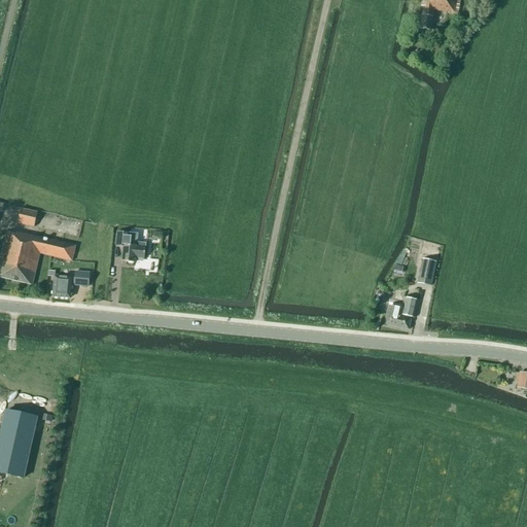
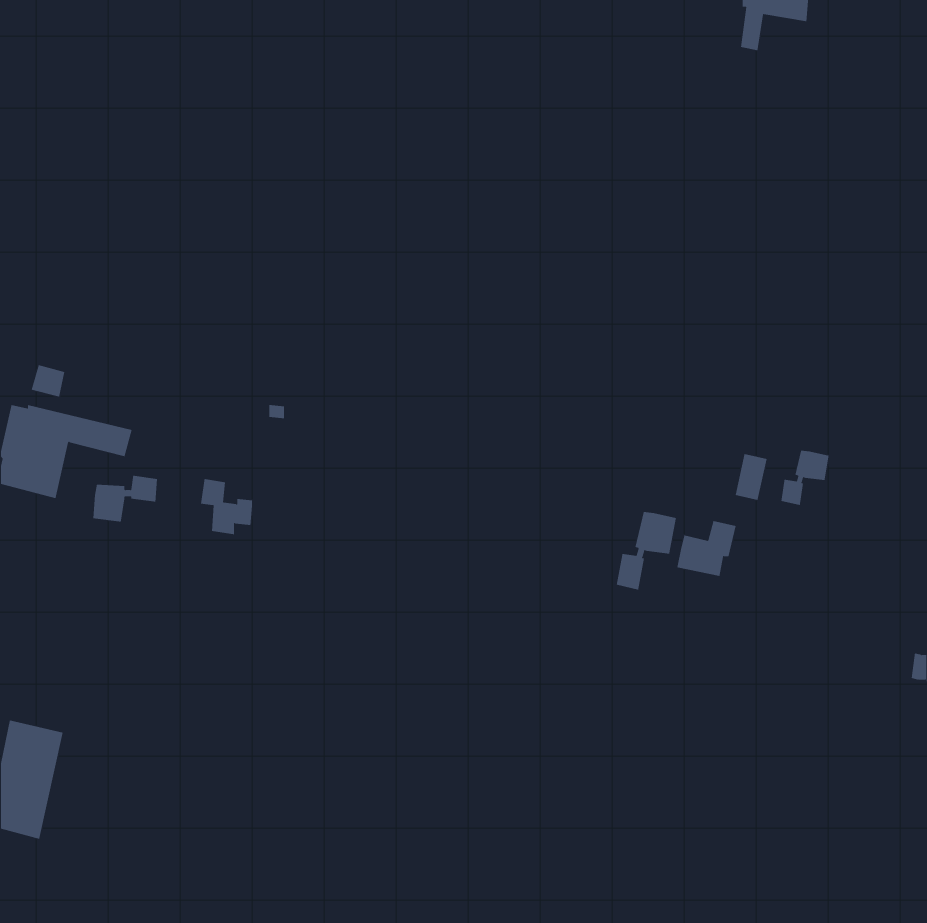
building: [115,230,145,261] -> [200,478,253,535]
building: none -> [781,450,829,506]
building: none -> [616,511,676,590]

